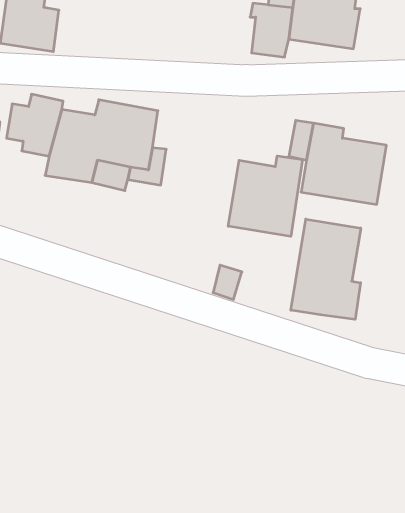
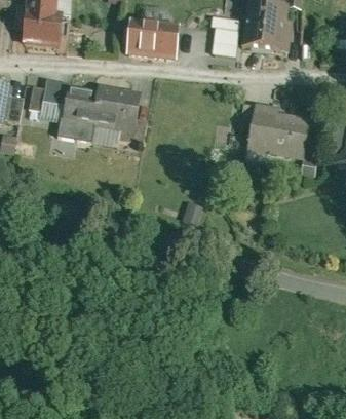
building: none -> [122,15,181,58]
building: [228,156,302,236] -> none
building: [291,219,361,319] -> none

